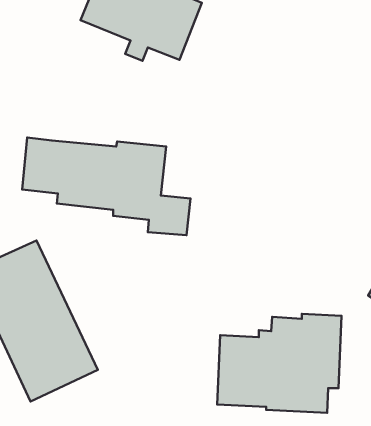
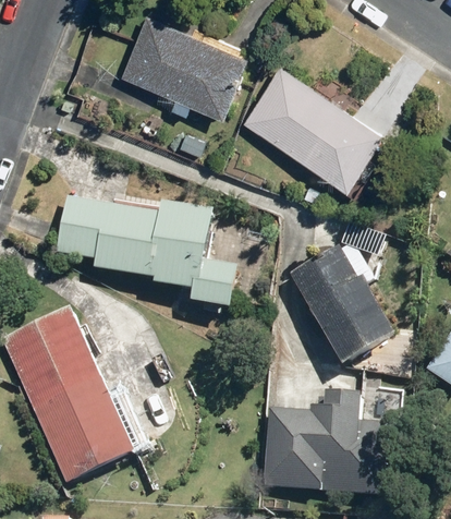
building: none -> [242,65,386,190]
building: none -> [292,250,395,364]

